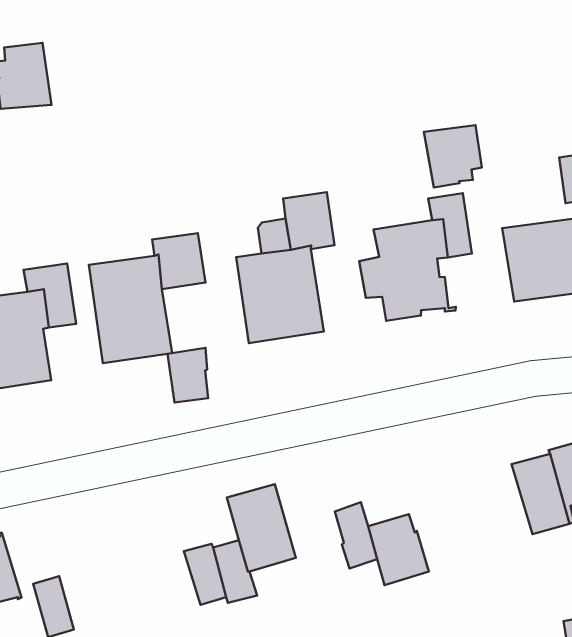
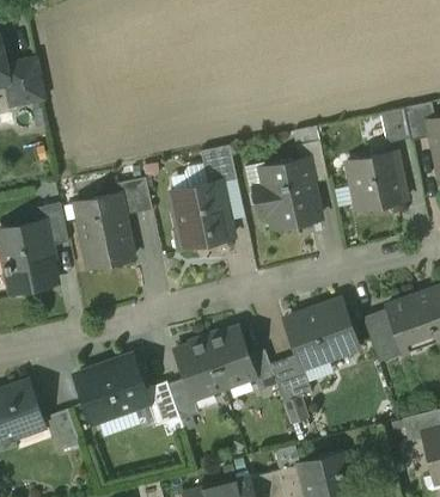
building: [424,125,482,187] -> none
building: [168,348,208,403] -> none
building: none -> [285,302,356,367]
building: none -> [206,330,253,388]
building: none -> [77,356,147,422]

